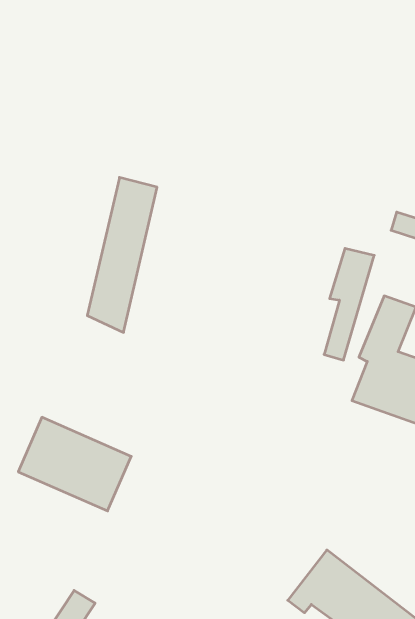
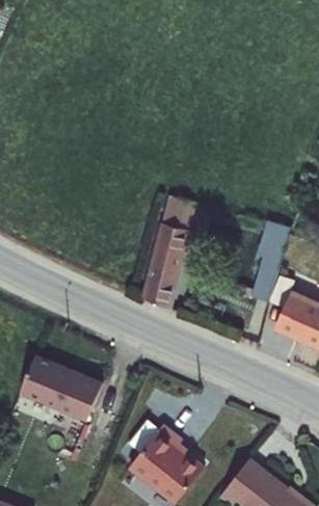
building: [87,177,157,332] -> [138,204,190,319]
building: none -> [129,421,204,499]

